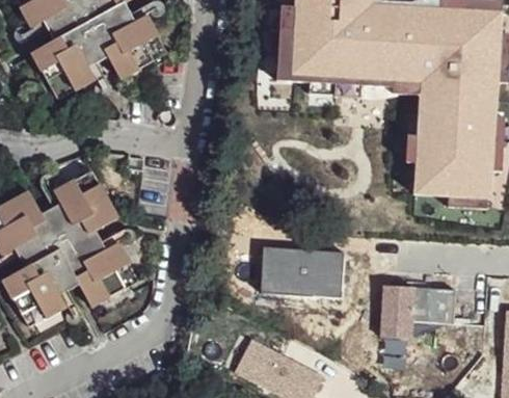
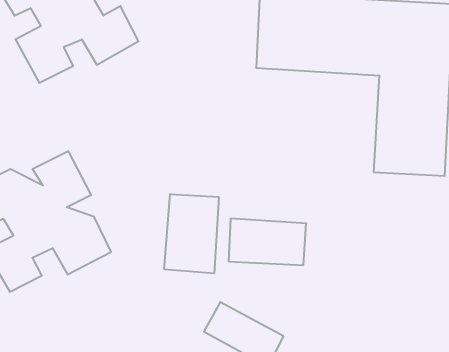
building: none -> [164,194,219,273]
building: [380,285,454,336] -> none

